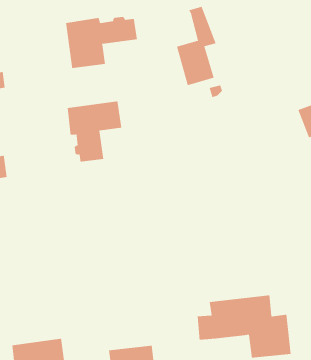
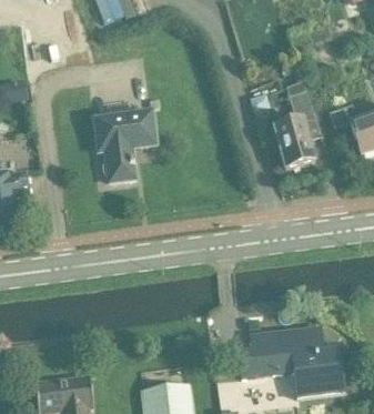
building: [176,6,216,86] -> [273,81,317,169]
building: [66,16,137,69] -> none

